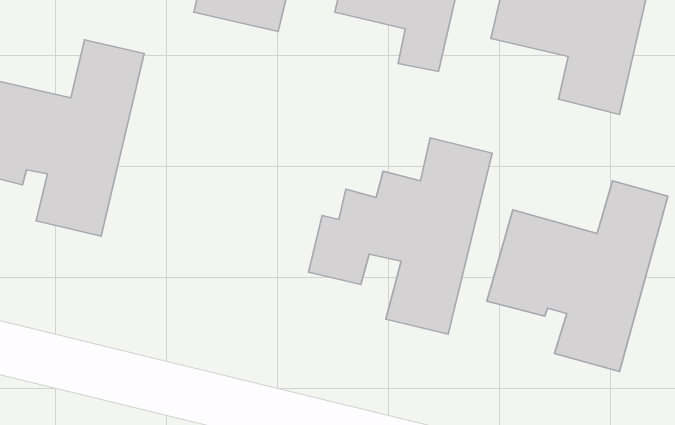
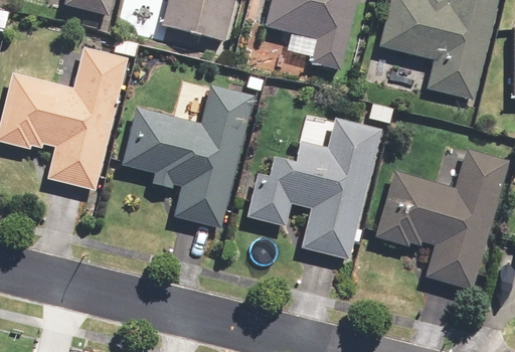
building: none -> [122,86,253,229]

